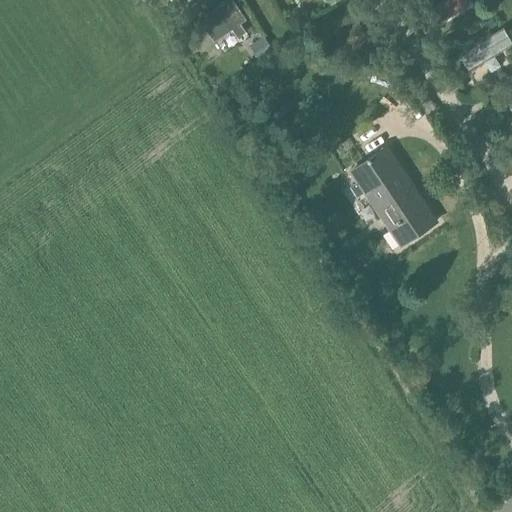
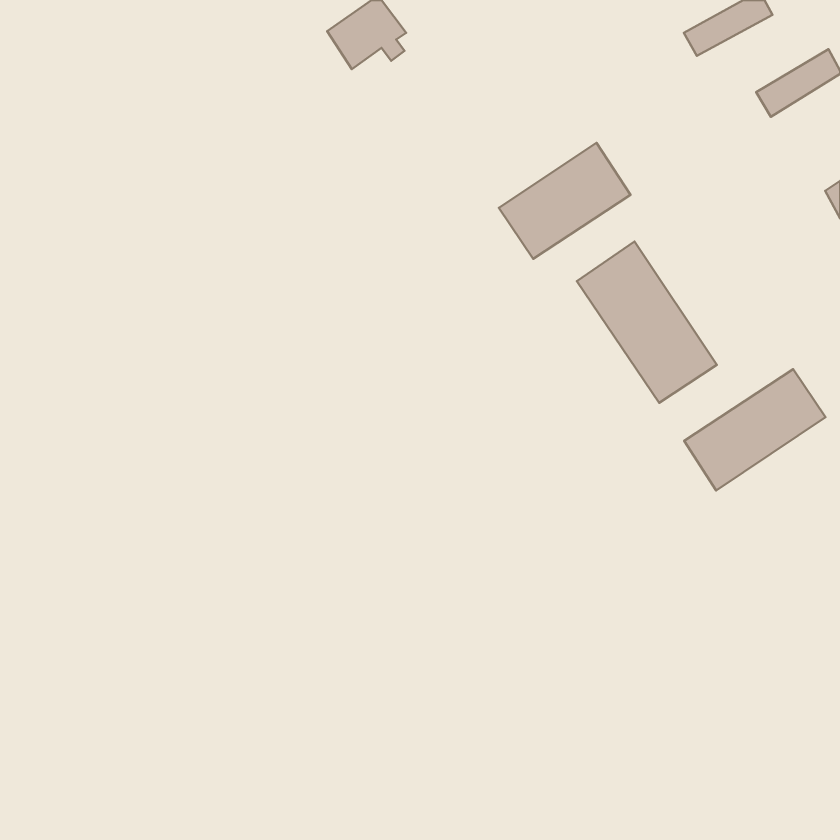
building: none -> [499,143,631,259]
building: none -> [684,369,826,490]

